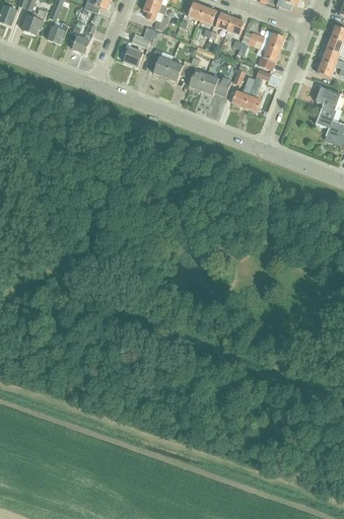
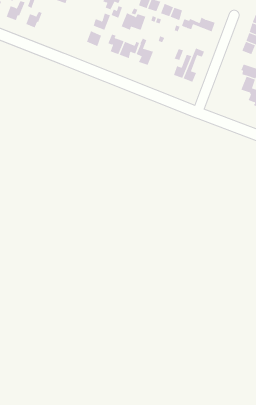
building: [69,23,95,54] -> none
building: [255,40,280,69] -> none
building: [200,73,231,95] -> [121,13,146,30]

